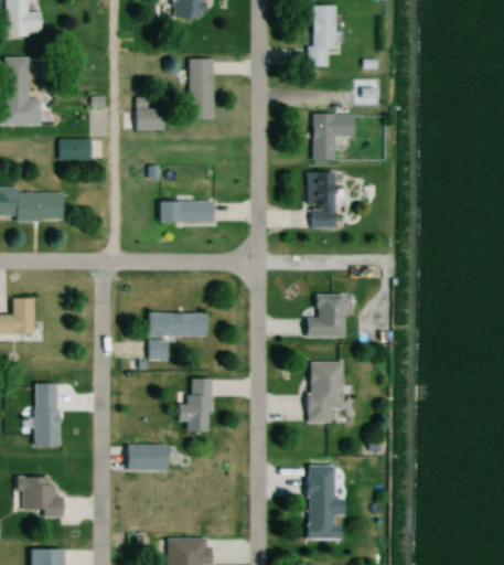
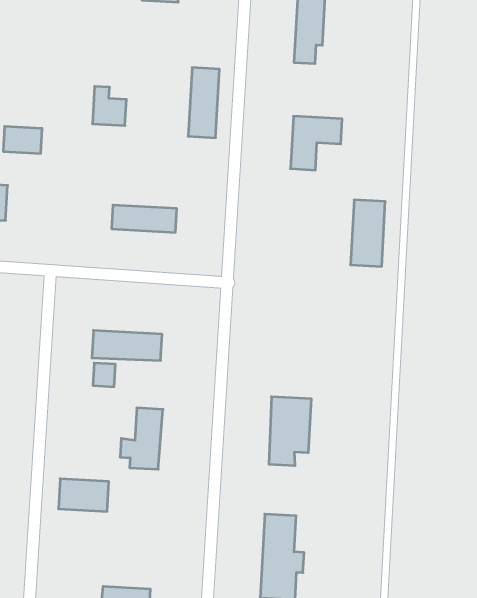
building: [190,58,214,119] -> [188,68,219,138]
building: [310,171,337,228] -> [350,200,385,266]
building: [305,295,346,338] -> none

